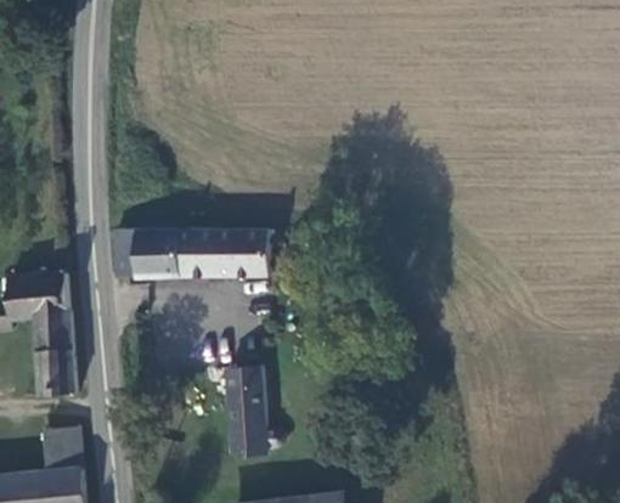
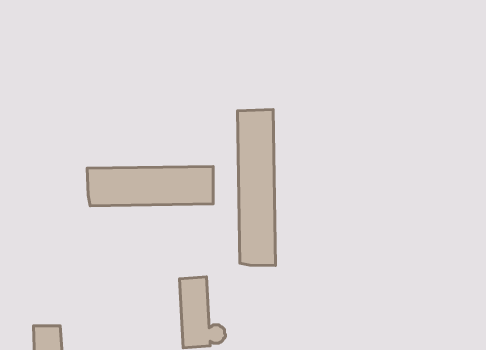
building: none -> [237,109,276,265]
building: [9,273,74,390] -> none

